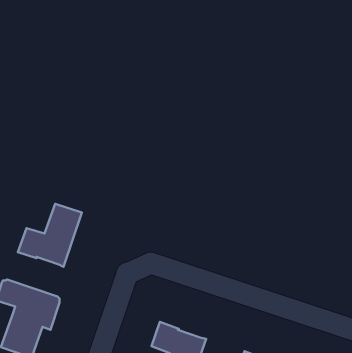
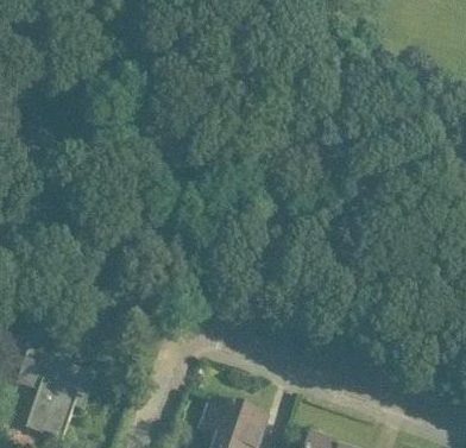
building: [18,204,82,267] -> none

